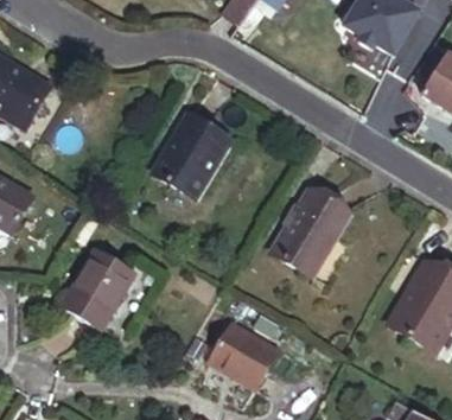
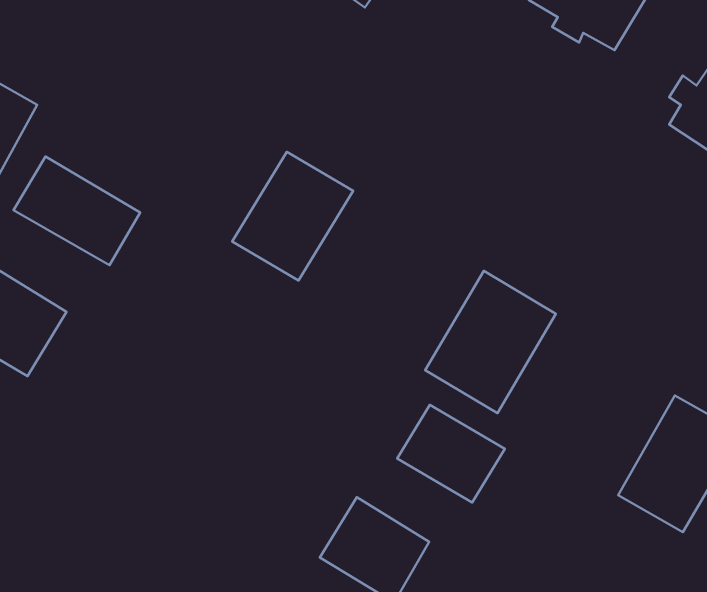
building: none -> [13,157,140,265]
building: [69,237,139,314] -> none
building: none -> [397,405,505,503]

